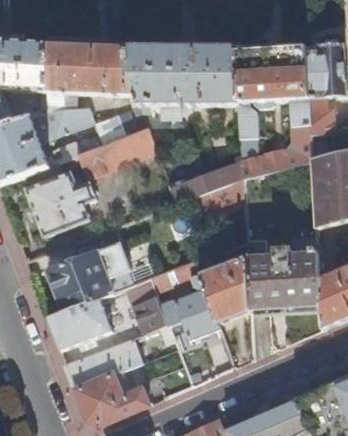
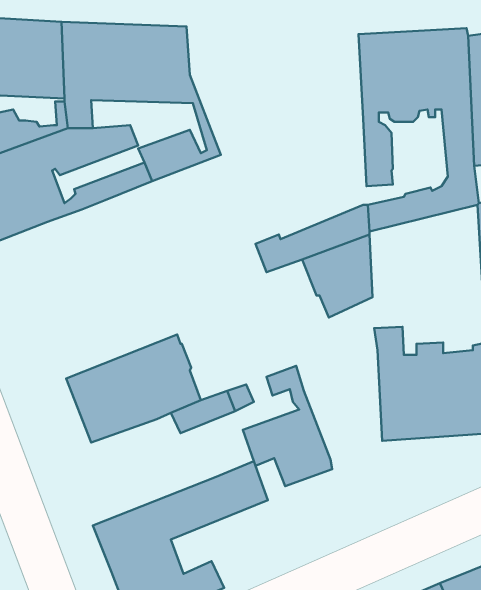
building: [125,45,238,118] -> none
building: [73,127,156,176] -> none
building: [26,162,96,236] -> none
building: [200,252,250,322] -> none
building: [133,295,168,333] -> none
building: [48,296,111,350] -> none

